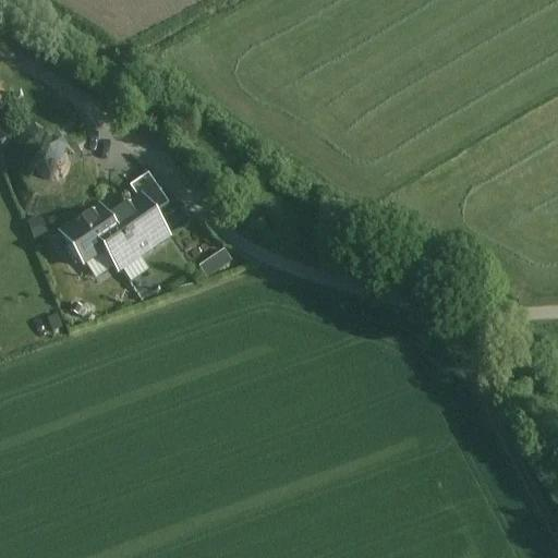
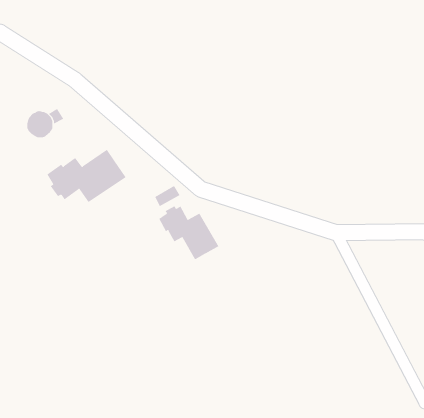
building: [131,170,169,211] -> none
building: none -> [158,206,219,260]

